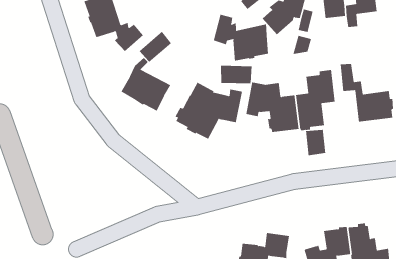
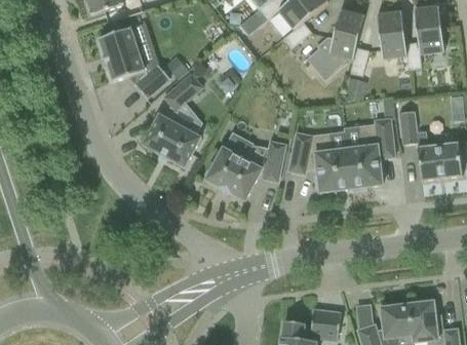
building: [213,14,269,61] -> none
building: [221,65,252,84] -> none
building: [305,129,326,156] -> none

